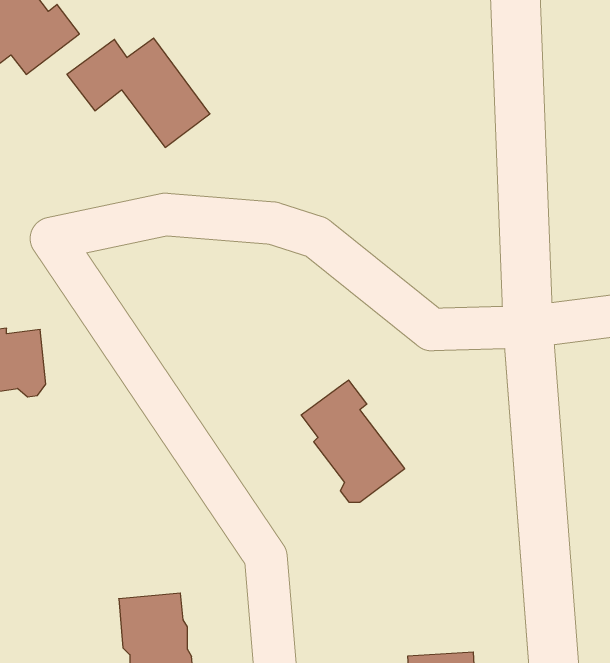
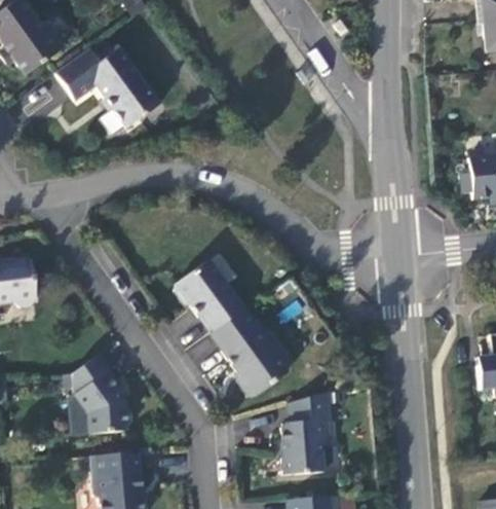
building: none -> [182,254,253,325]
building: none -> [68,357,128,437]
building: none -> [293,392,343,475]

